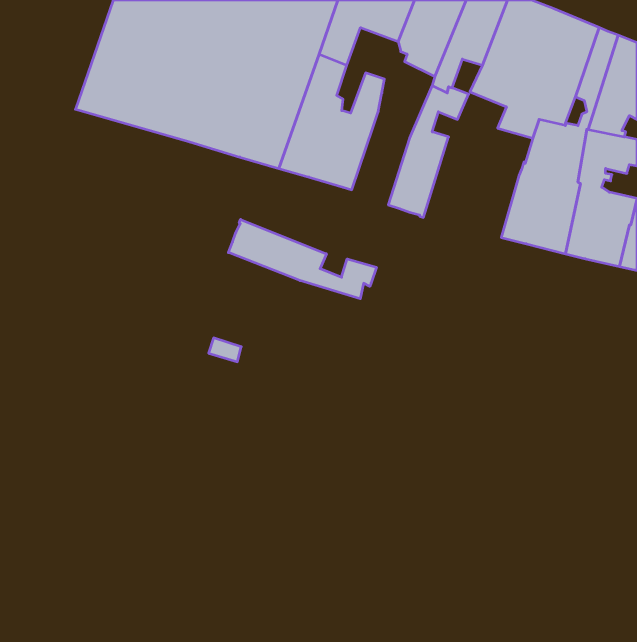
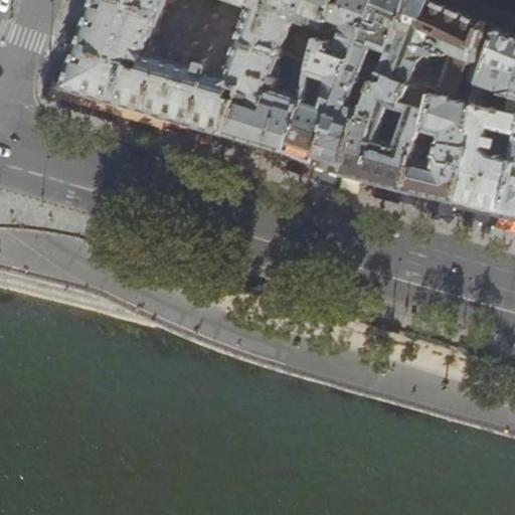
building: none -> [282,39,348,164]
building: none -> [339,73,426,190]
building: [228,219,376,299] -> none

